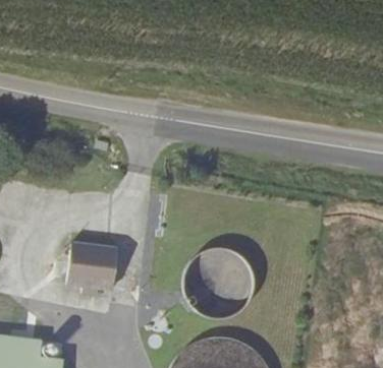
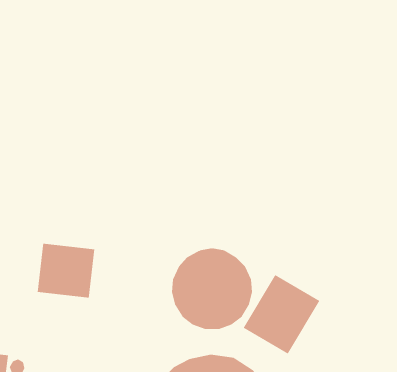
building: none -> [243,274,320,355]

